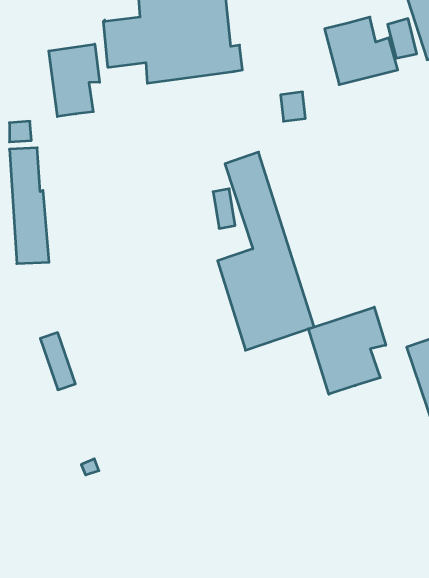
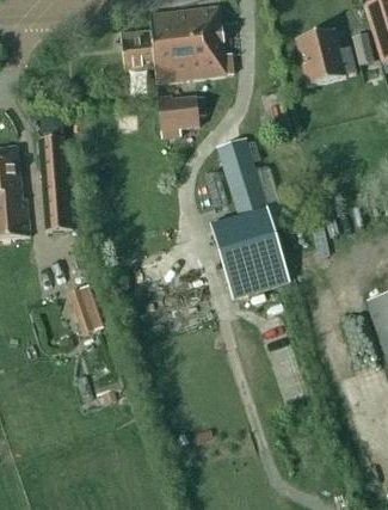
building: [49,44,100,117] -> none
building: none -> [160,98,208,141]
building: [308,307,386,394] -> none

